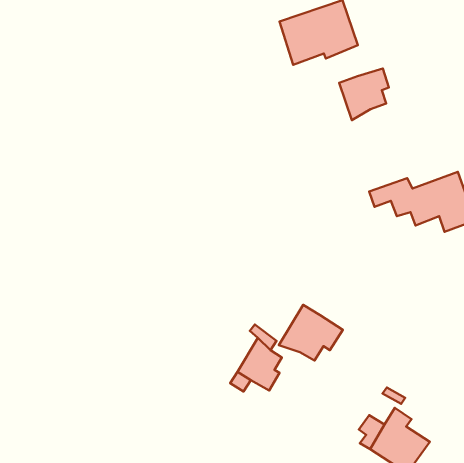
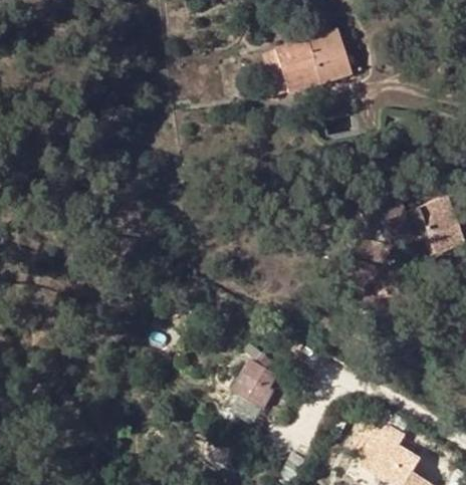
building: [339,68,389,120] -> none
building: [279,305,343,361] -> none

